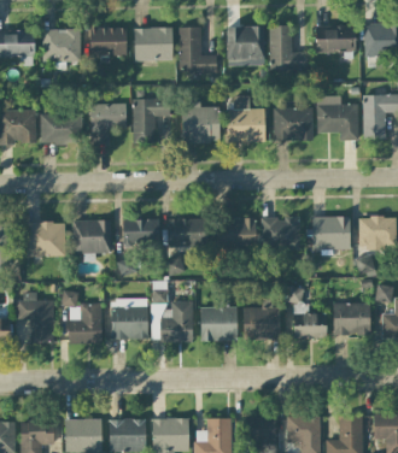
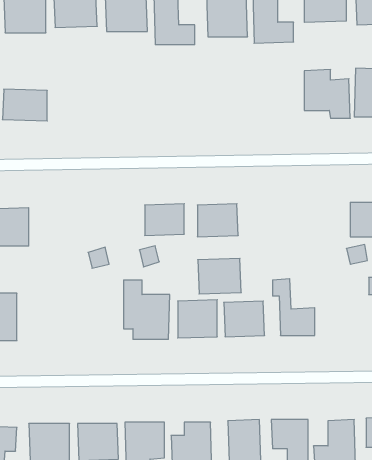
building: [227,95,264,142] -> none
building: [131,99,169,143] -> none
building: [181,102,220,142] -> none
building: [89,104,127,146] -> none
building: [273,107,312,141] -> none
building: [261,217,300,249] -> [198,258,241,294]
building: [311,217,350,249] -> none
building: [72,219,111,260] -> none
building: [123,219,159,246] -> none
building: [62,292,101,343] -> none
building: [111,299,148,339] -> none
building: [333,302,370,335] -> none

